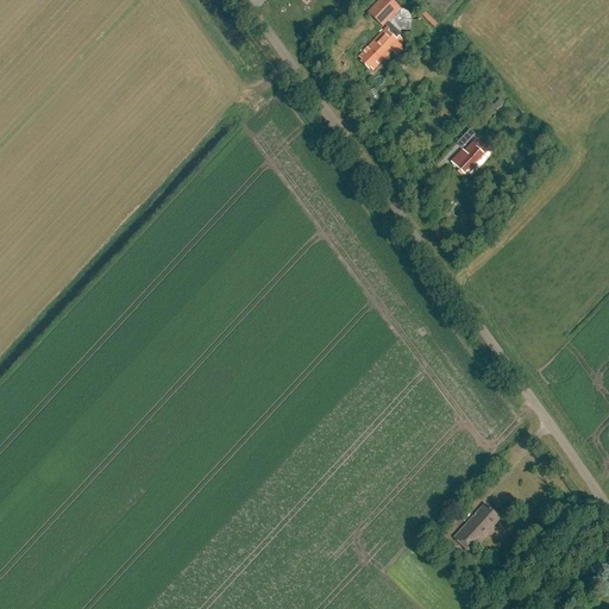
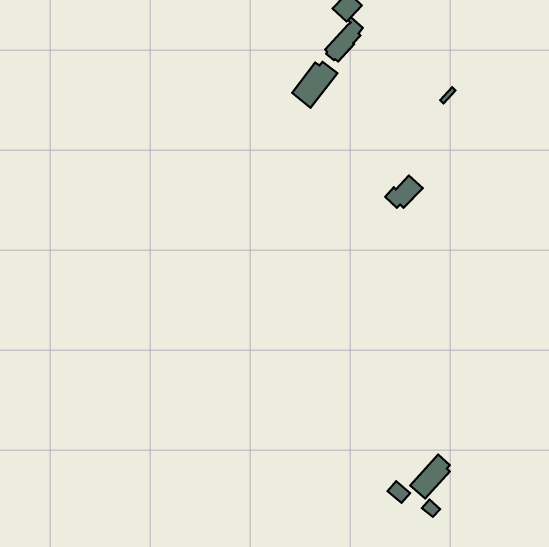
building: none -> [292,62,337,108]
building: [451,137,492,172] -> [385,175,423,208]

